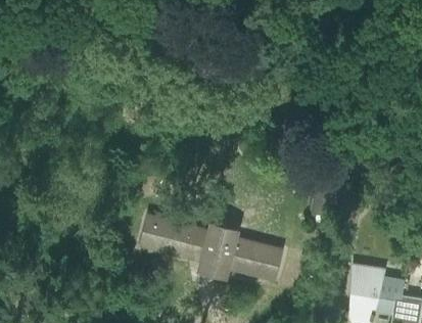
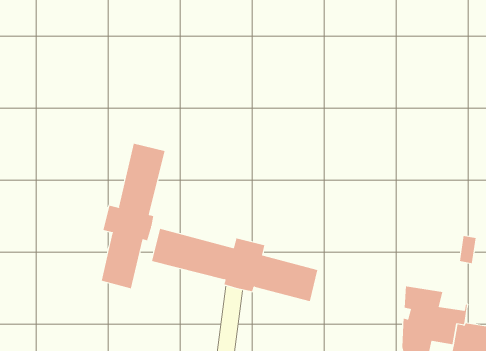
building: none -> [101,143,165,289]

